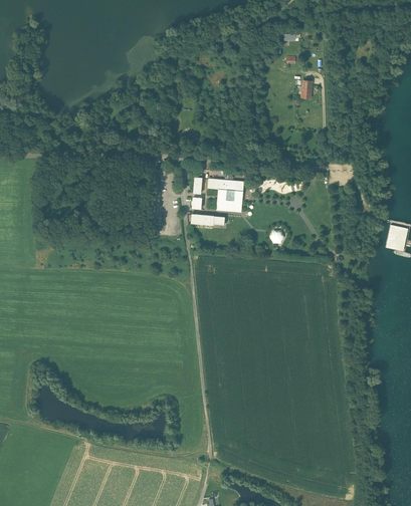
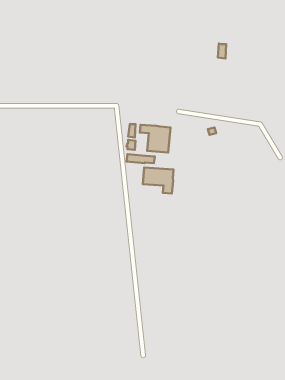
building: none -> [143,168,174,193]

